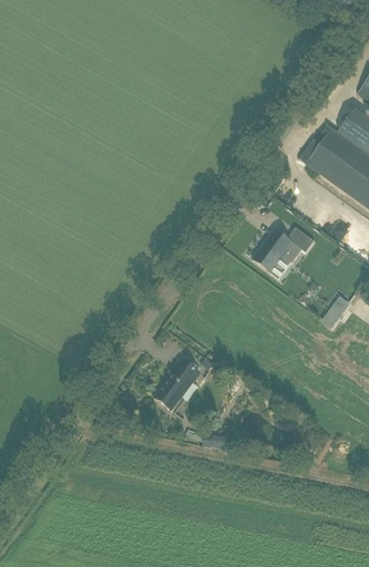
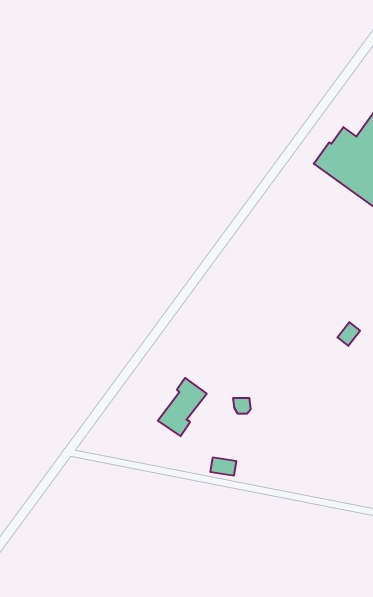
building: [253,228,303,278] -> none

